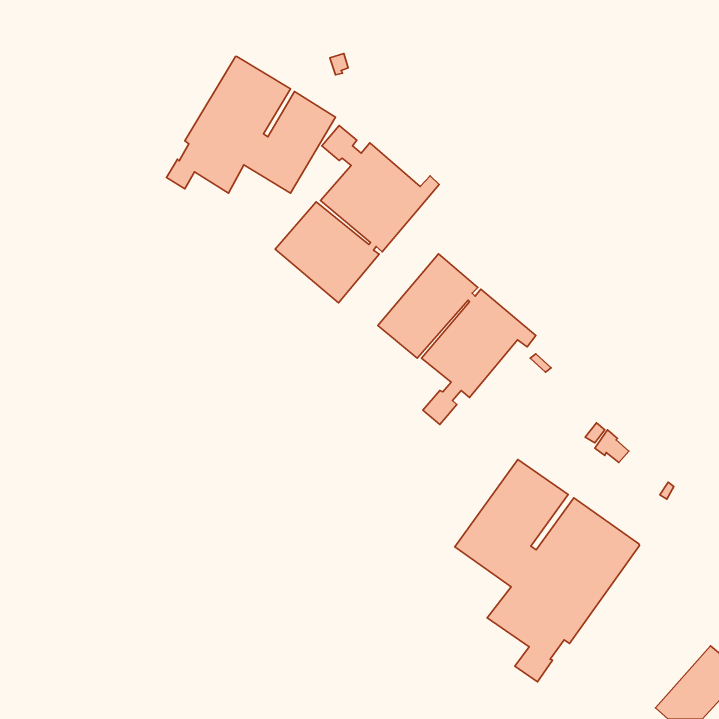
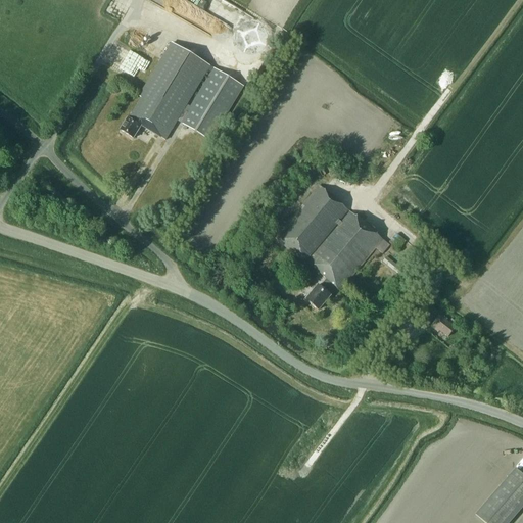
building: [275,125,439,303] -> none
building: [455,459,640,682] -> none

